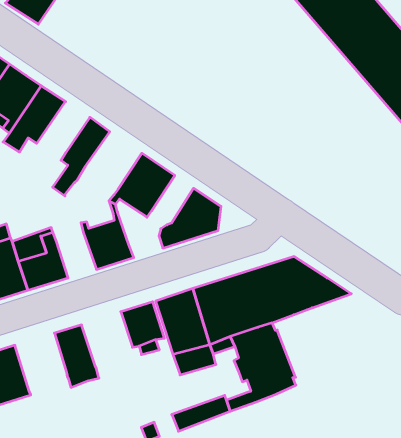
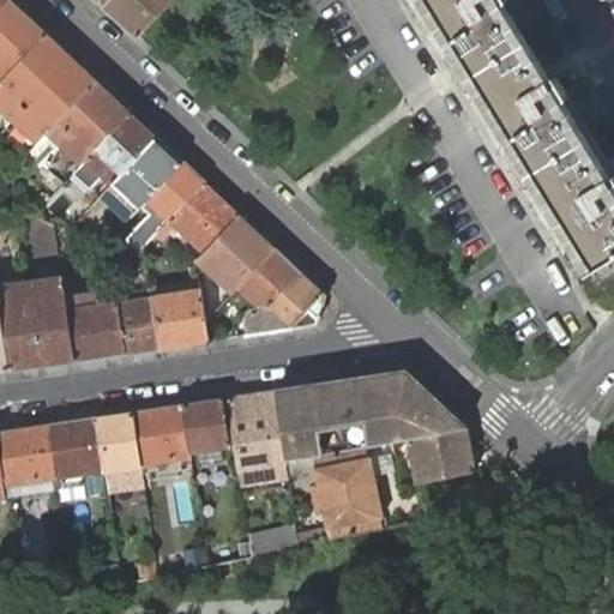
building: none -> [100,137,180,219]
building: none -> [152,182,236,254]
building: none -> [237,248,293,306]
building: none -> [112,285,158,353]
building: none -> [408,427,472,481]
building: none -> [130,404,188,469]
building: none -> [44,417,102,483]

